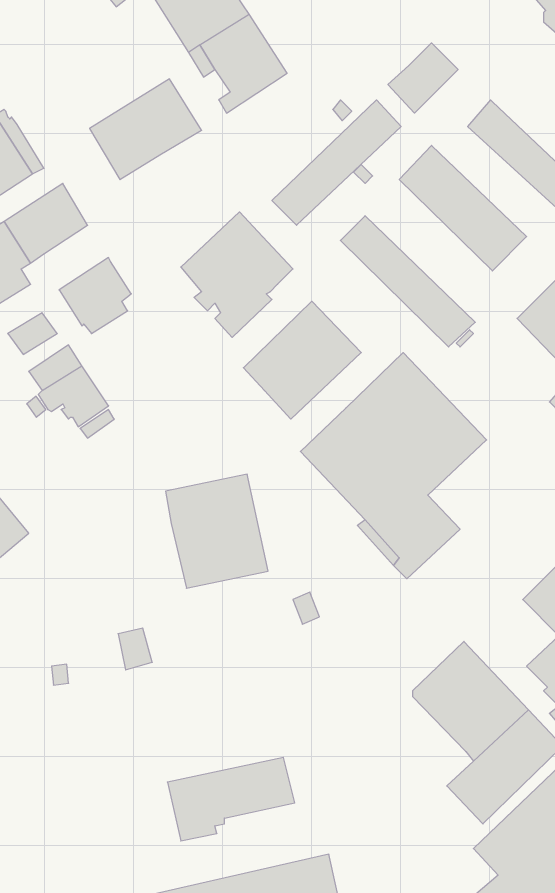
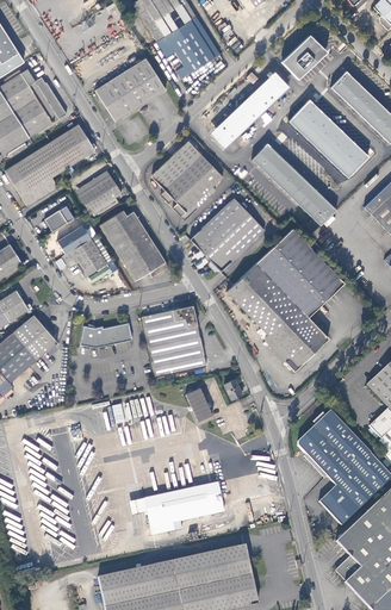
building: none -> [99,208,167,279]
building: none -> [80,322,132,346]
building: none -> [185,386,211,421]

